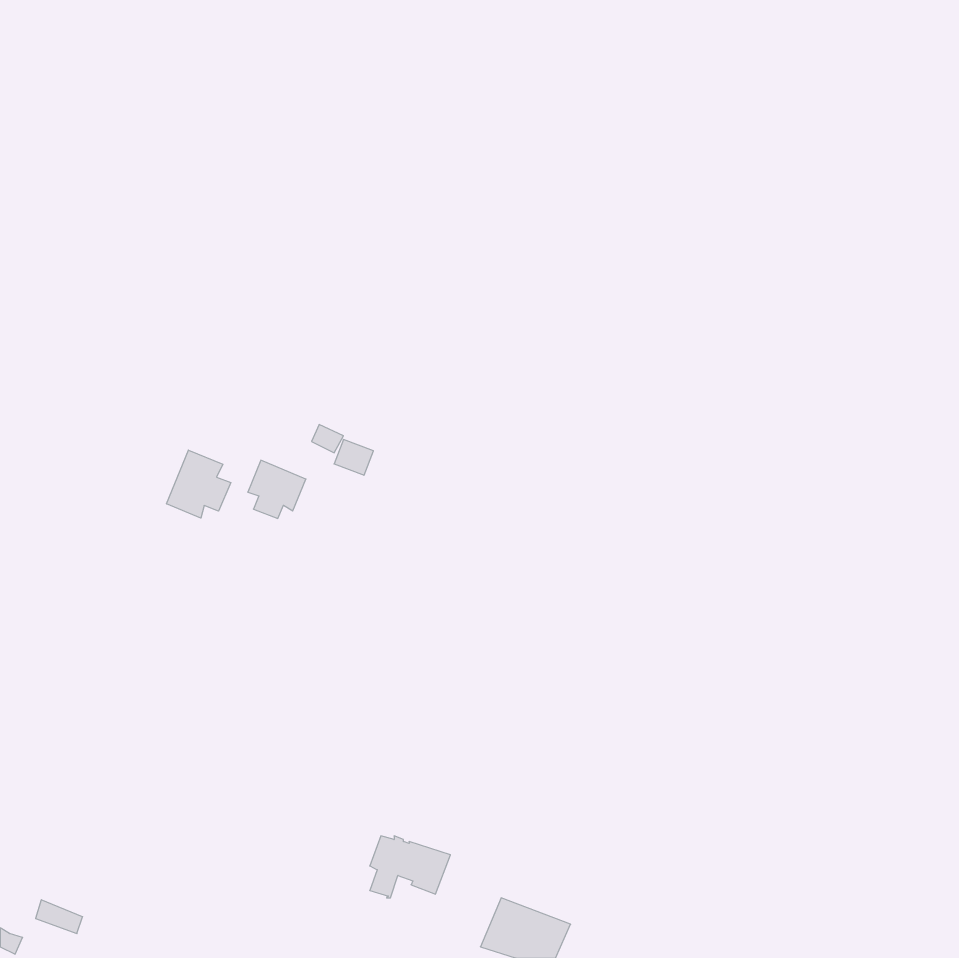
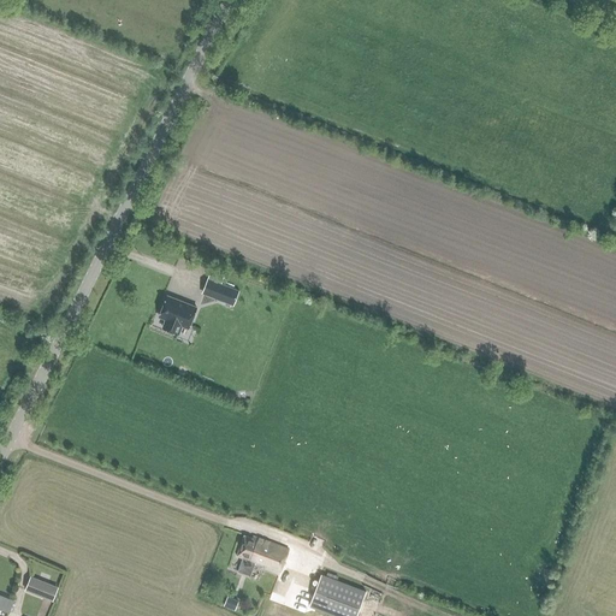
building: [167,450,231,518] -> none

